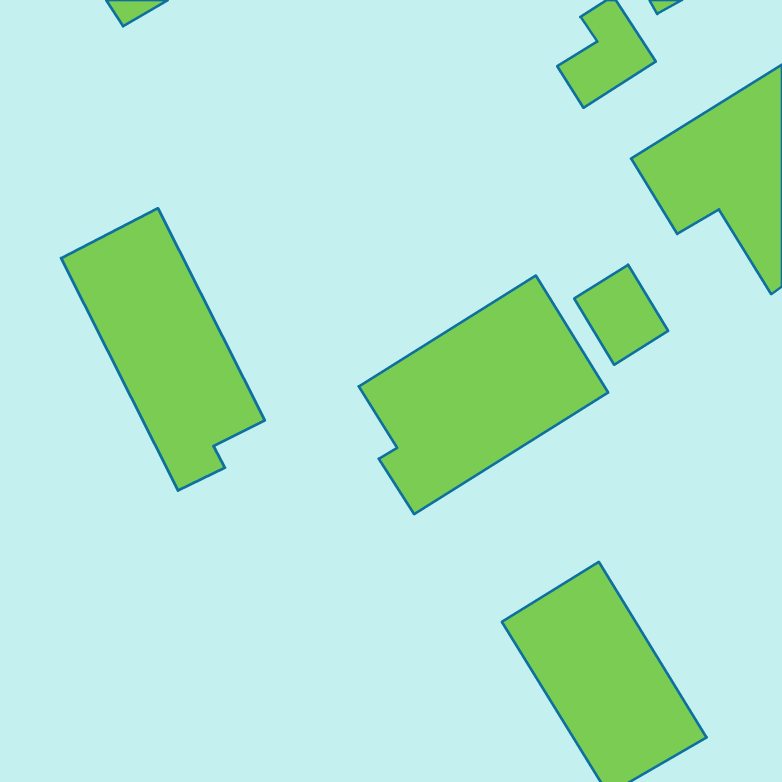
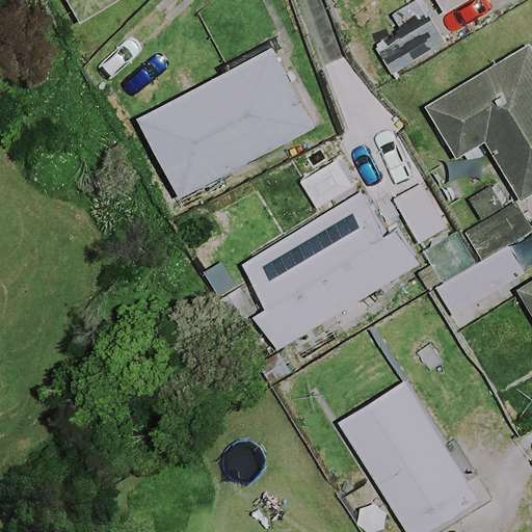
building: none -> [141,50,313,195]
building: [61,208,265,491] -> none

